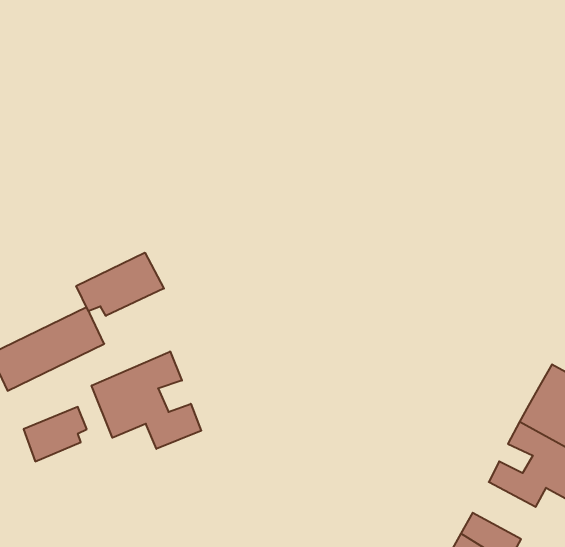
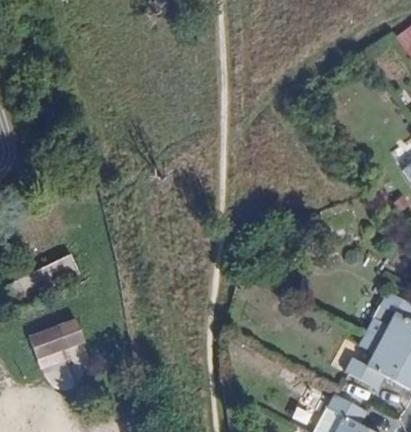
building: [76,253,164,316] -> none
building: [92,351,201,449] -> none

